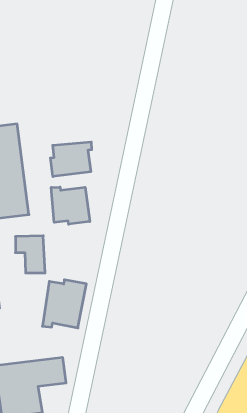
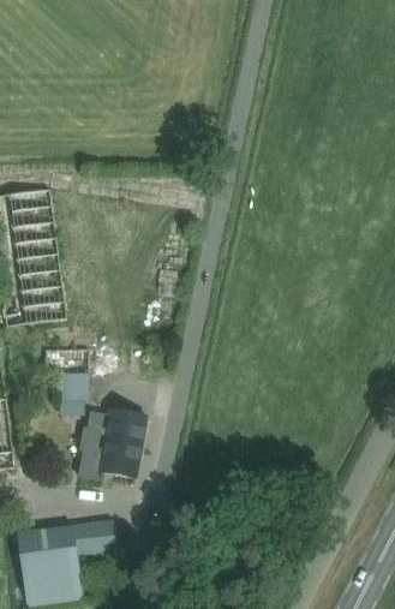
building: [50,142,92,177] -> none
building: [51,187,90,224] -> none

